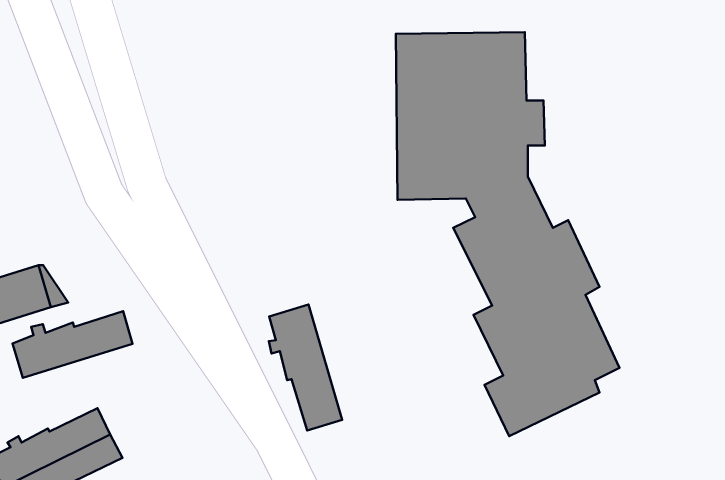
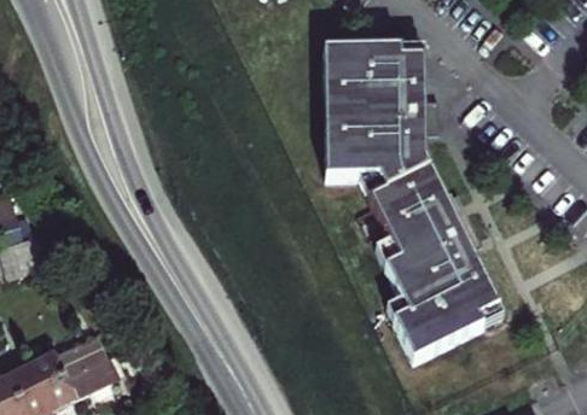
building: [269,304,342,431] -> none
building: [12,311,132,378] -> none

